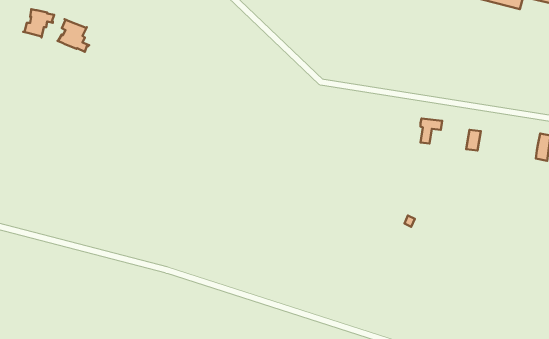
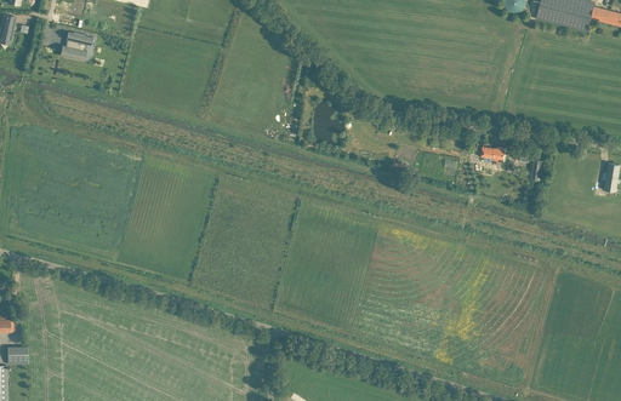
building: [58,19,89,52] -> none

